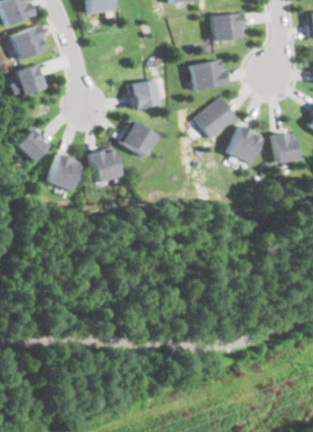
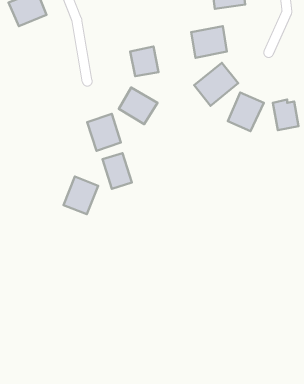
building: [15,65,47,96] -> none
building: [15,126,48,162] -> none
building: [47,153,81,191] -> [63,176,98,214]
building: none -> [102,153,132,189]

